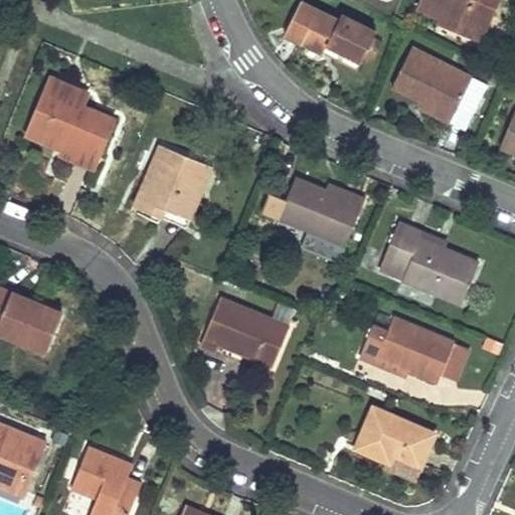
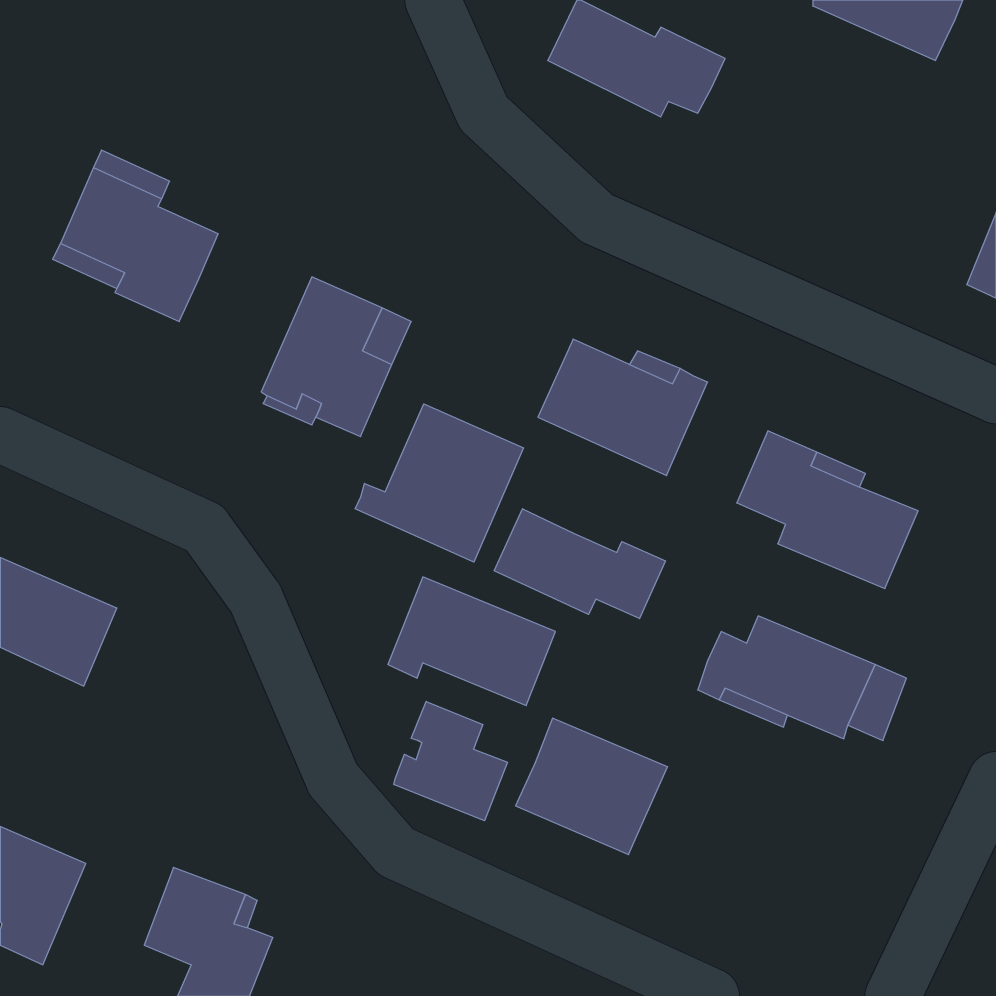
building: [390,43,487,129] -> none
building: none -> [355,404,524,562]
building: none -> [494,509,665,619]
building: none -> [394,701,507,821]
building: [354,407,433,478] -> [516,718,668,855]

